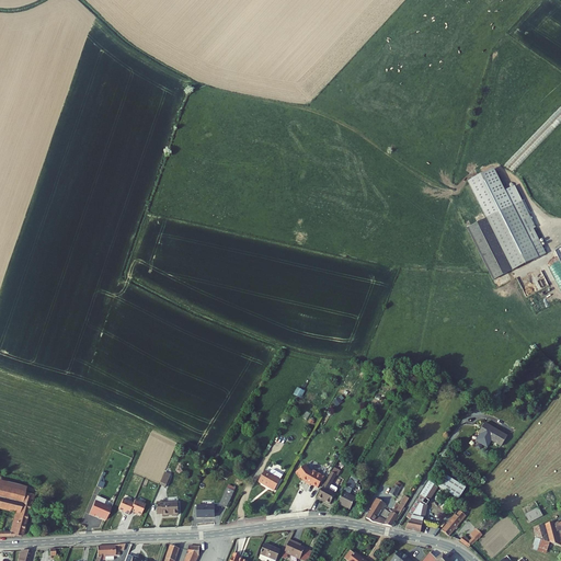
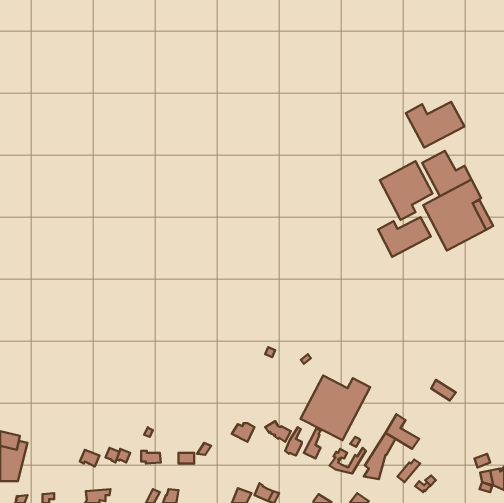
building: none -> [406,102,464,148]
building: none -> [380,161,433,220]
building: none -> [378,217,431,257]
building: none -> [301,375,370,440]

